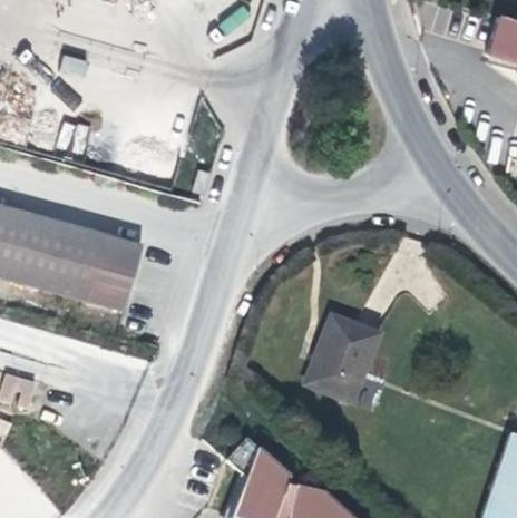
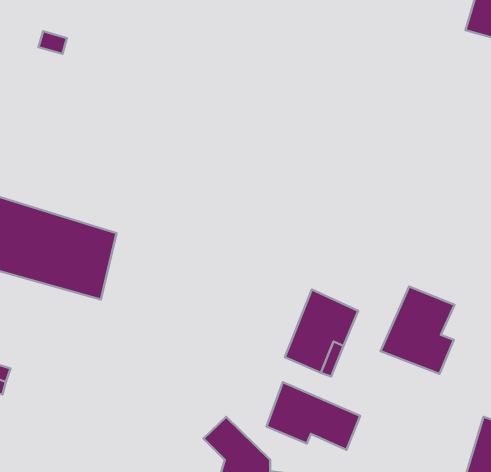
building: none -> [381,287,455,374]
building: none -> [266,382,360,450]

